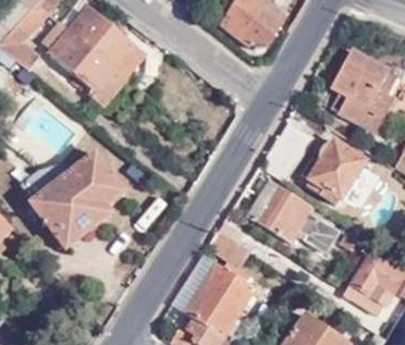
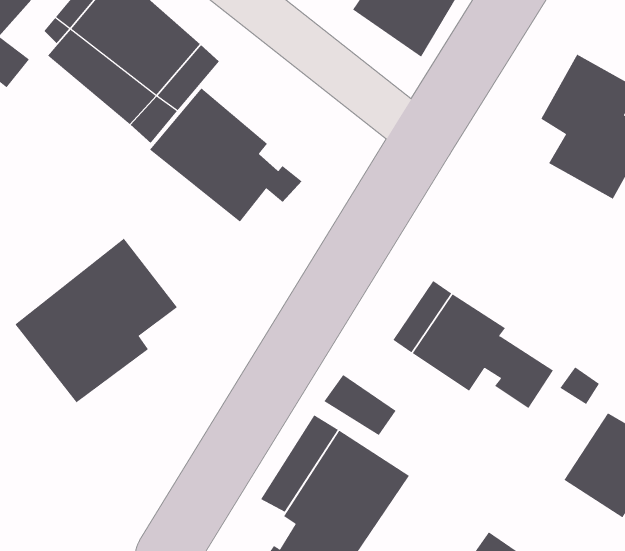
building: none -> [149,87,303,222]
building: [308,140,363,197] -> none

